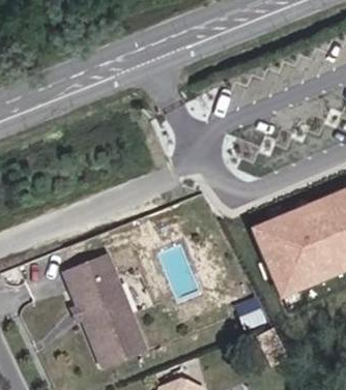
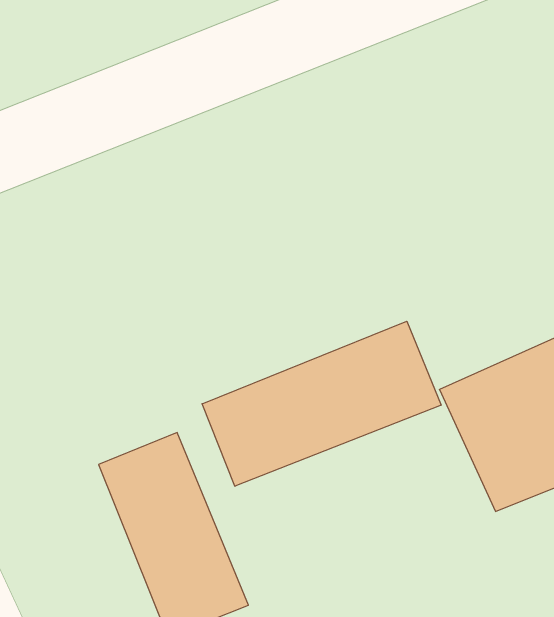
building: none -> [202,321,441,486]

